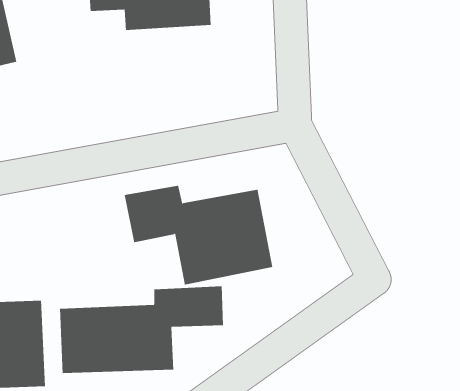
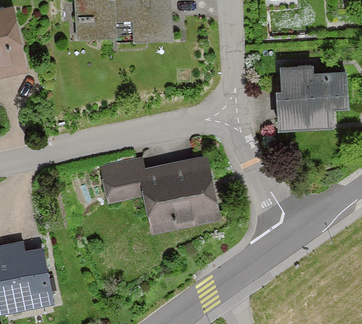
building: none -> [278,70,346,132]
building: [60,286,223,374] -> none

